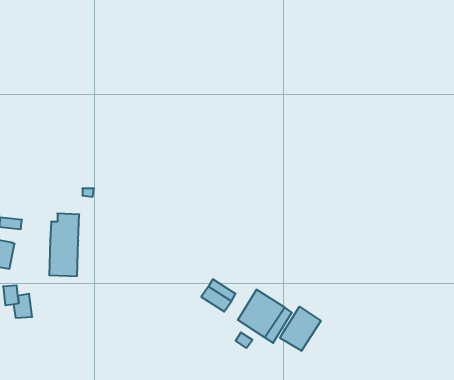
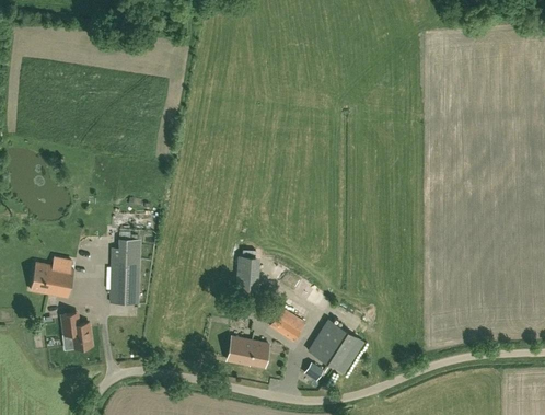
building: none -> [236,257,260,293]
building: none -> [227,336,268,366]
building: [280,307,321,351] -> none

